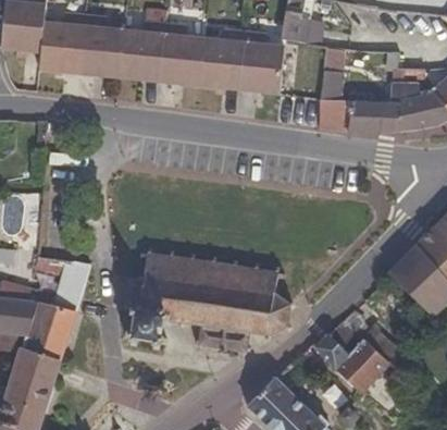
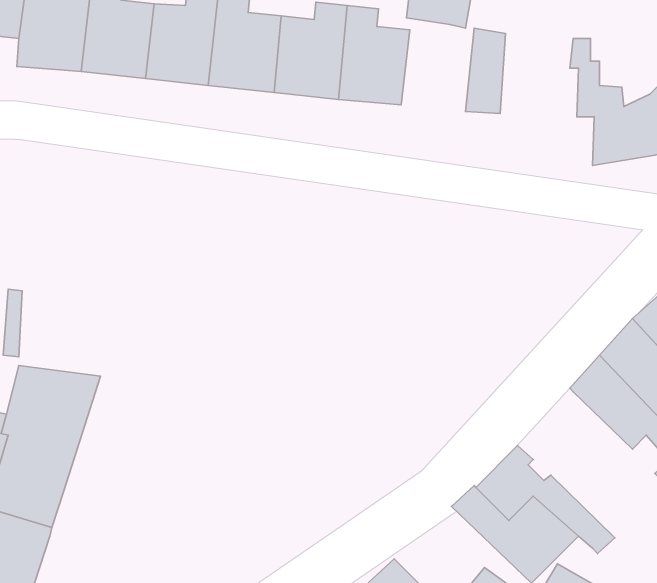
building: [319,99,401,135] -> none
building: [131,247,298,360] -> none

